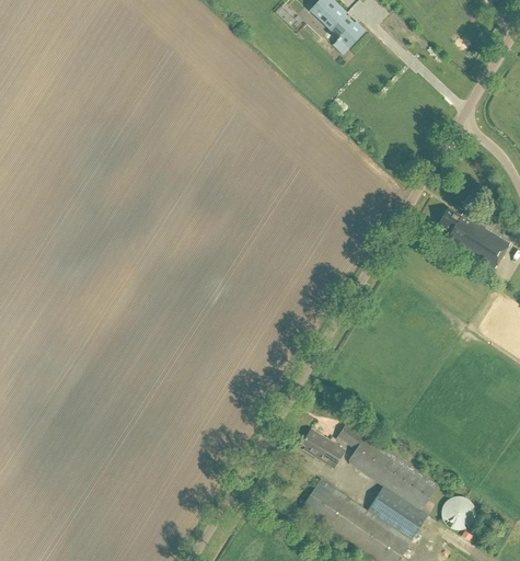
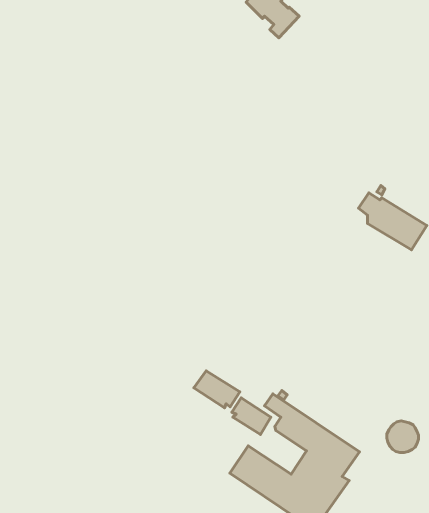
building: none -> [194,371,240,408]
building: [440,495,474,529] -> [387,421,418,452]

